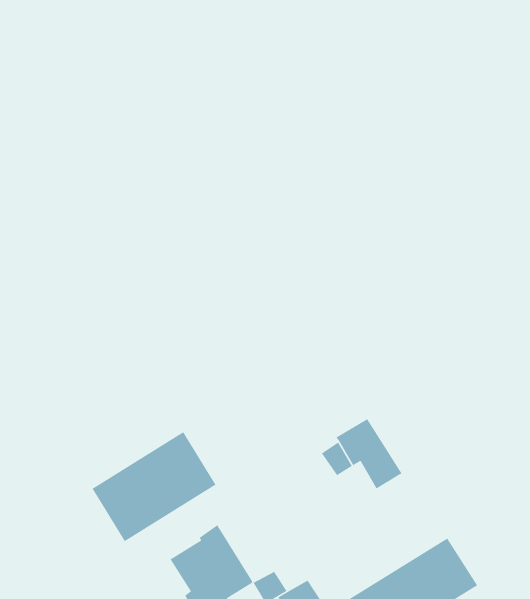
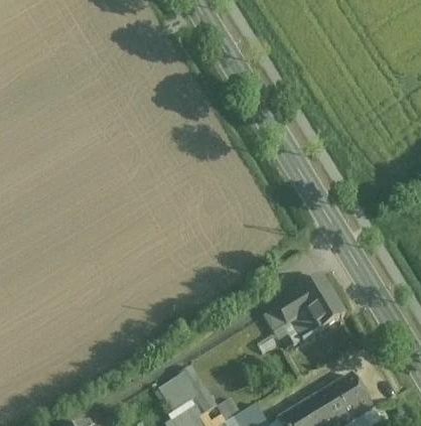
building: none -> [293,276,341,330]
building: [92,431,217,542] -> none

